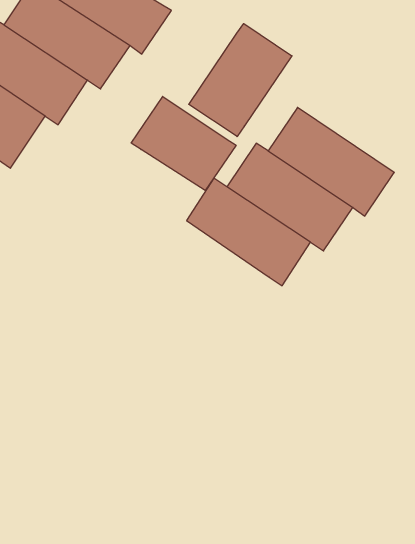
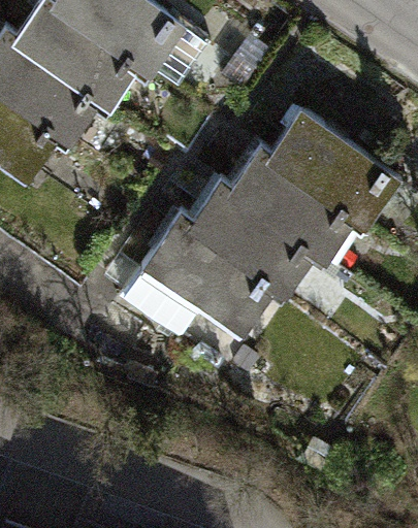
building: [189,24,292,137] -> none
building: [131,96,236,190] -> none
building: none -> [123,210,275,337]

